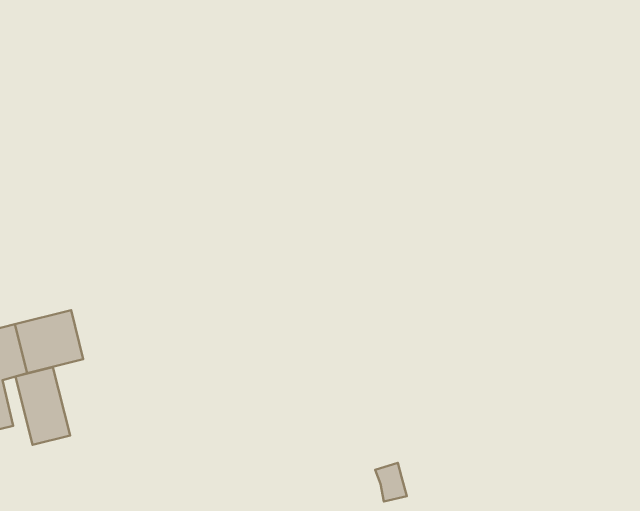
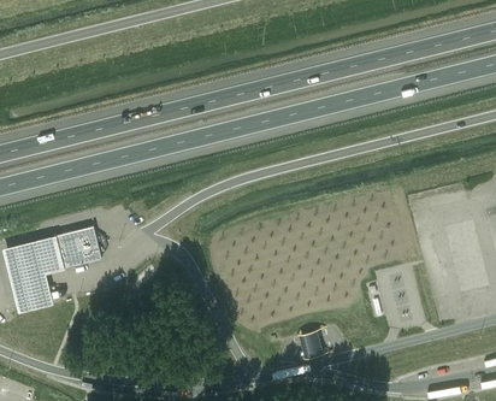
building: [15,367,70,445] -> none

